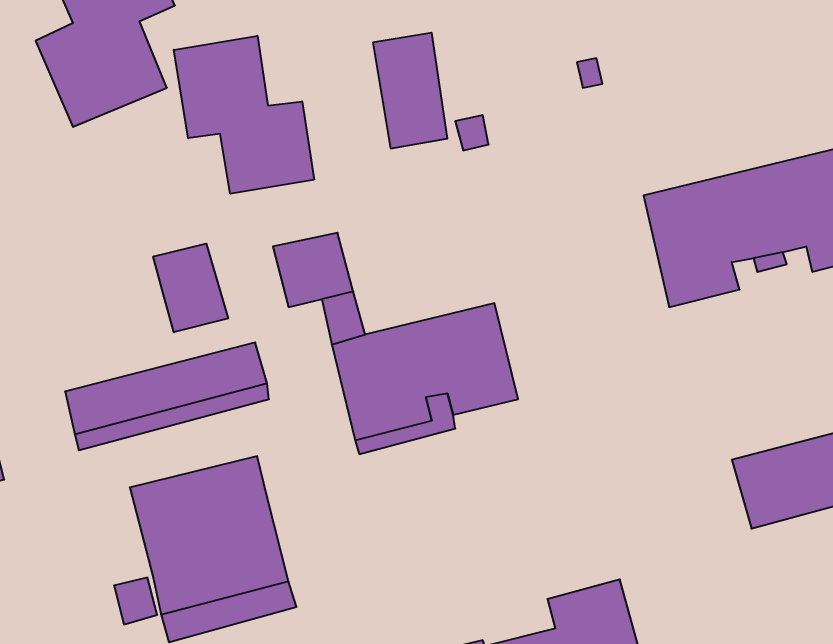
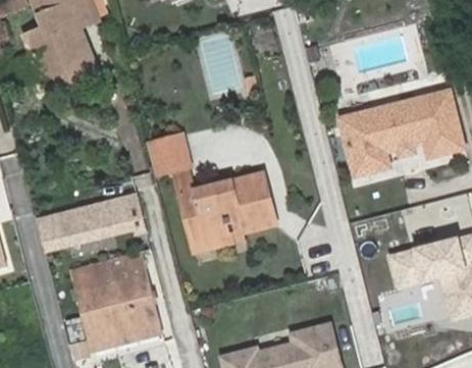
building: [174,36,314,194] -> none
building: [153,244,228,332] -> none

